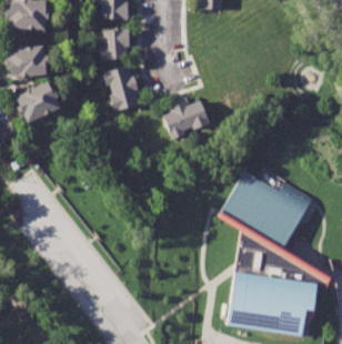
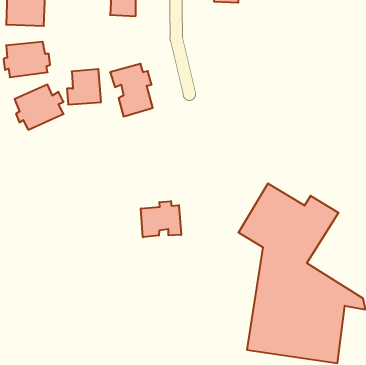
building: [99,28,130,60] -> [67,69,101,104]
building: [161,100,210,139] -> none
building: none -> [141,201,181,237]

